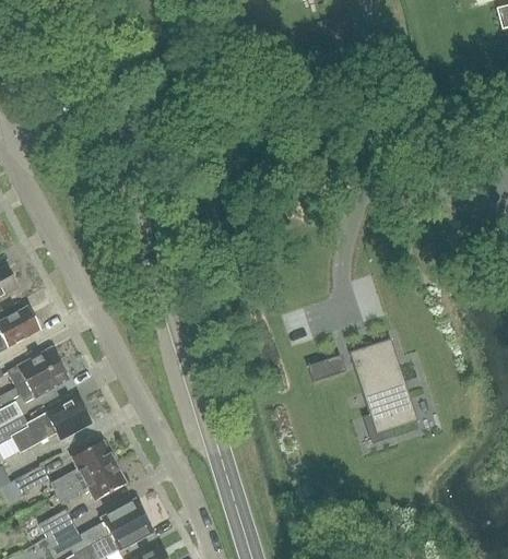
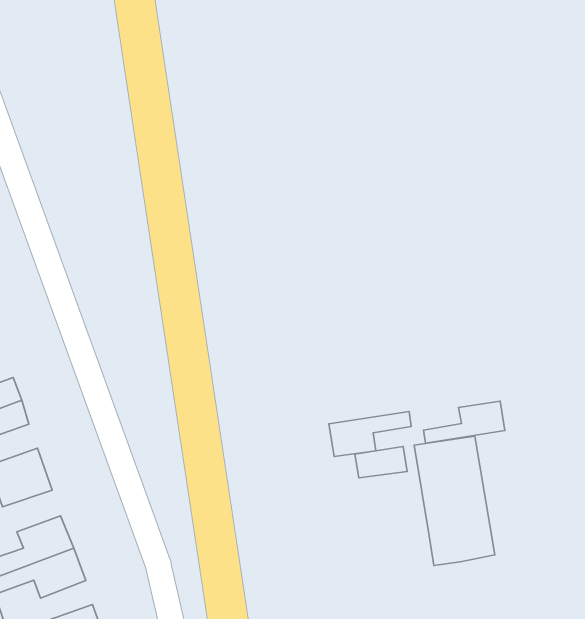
building: none -> [424,401,505,443]
building: none -> [329,411,411,457]

